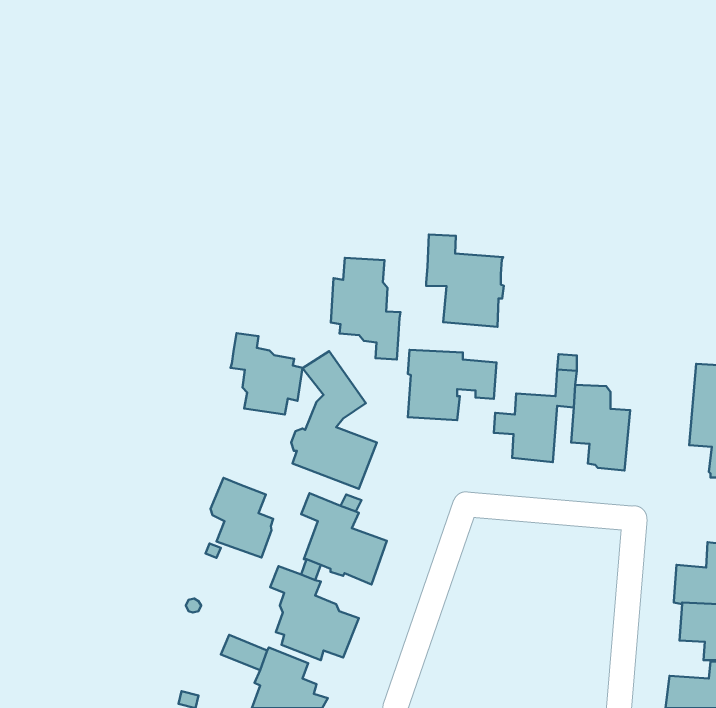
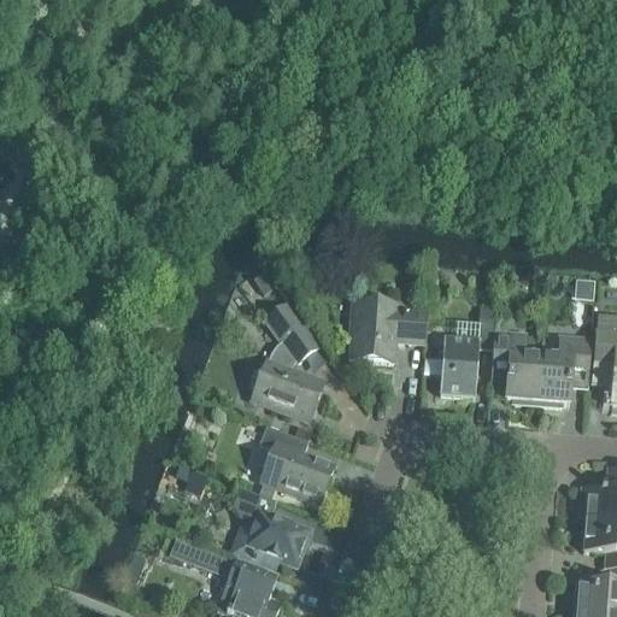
building: [426,234,504,327] -> none
building: [331,258,400,359] -> none
building: [230,333,302,415] -> none
building: none -> [537,335,592,405]
building: [211,478,273,558] -> none

